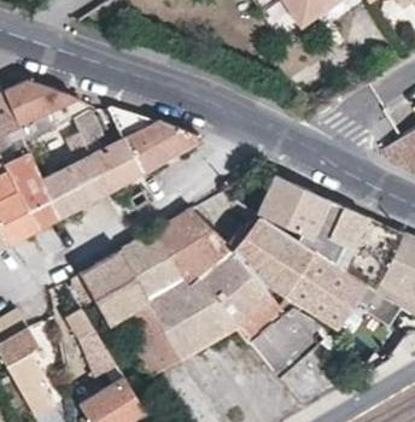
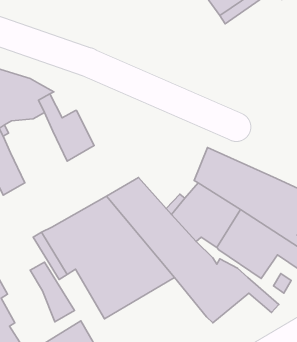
building: [111,107,197,172] -> none
building: [43,134,110,216] -> none

